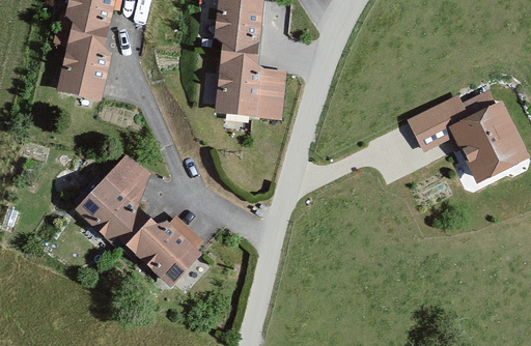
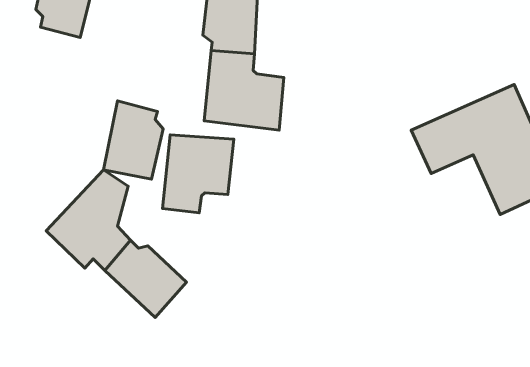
building: [57,28,110,97] -> [104,101,163,179]
building: none -> [163,135,234,213]

